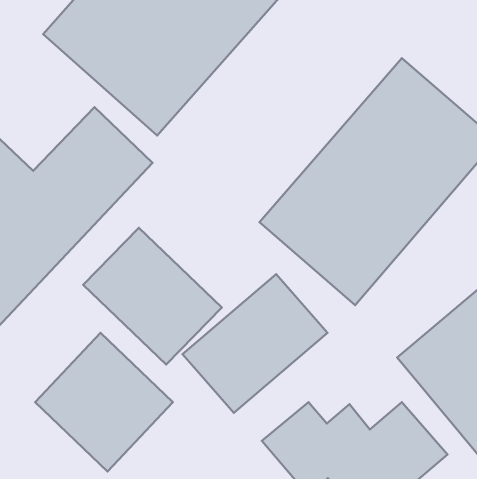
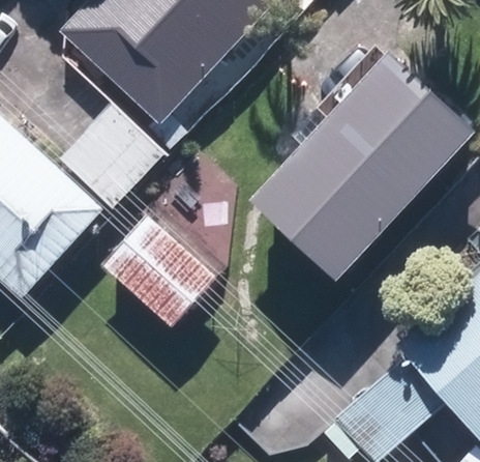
building: [182,274,327,413] -> none
building: [35,333,173,472] -> none

